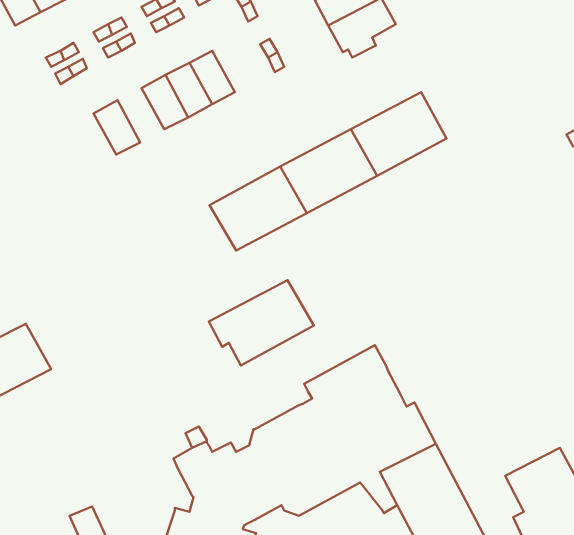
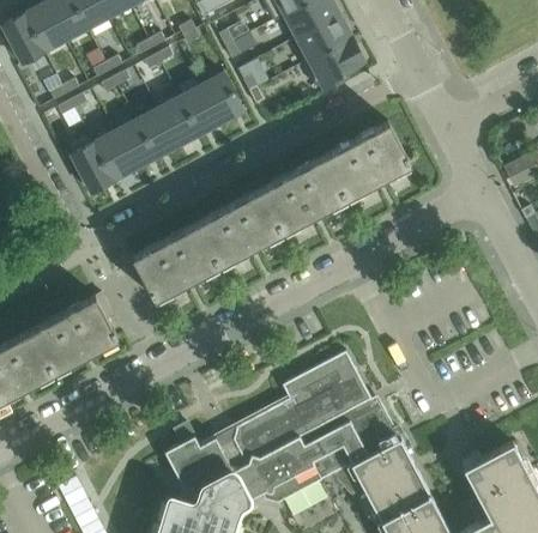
building: none -> [200,72,244,122]
building: none -> [115,119,157,168]
building: none -> [71,141,114,190]
building: [209,280,314,366] -> [127,224,222,301]
building: none -> [32,293,117,371]

